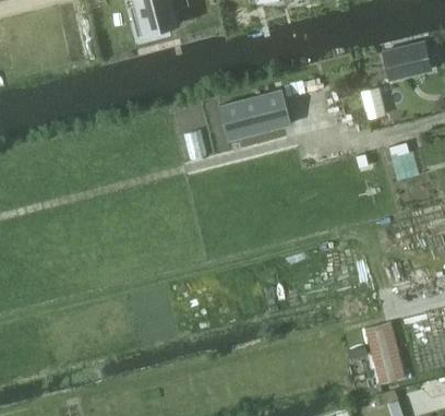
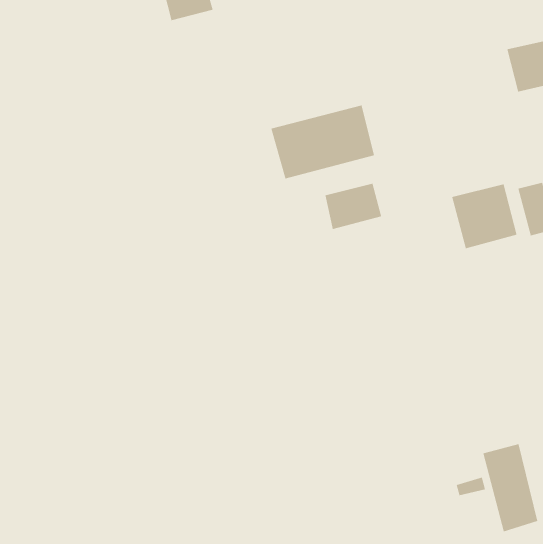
building: none -> [325,183,382,230]
building: none -> [451,184,517,249]

